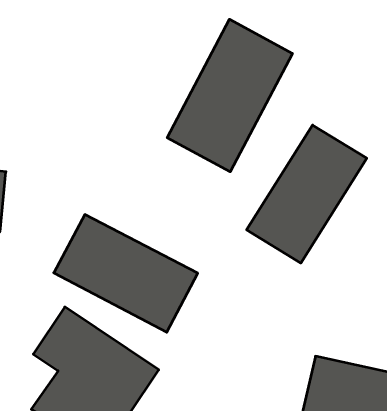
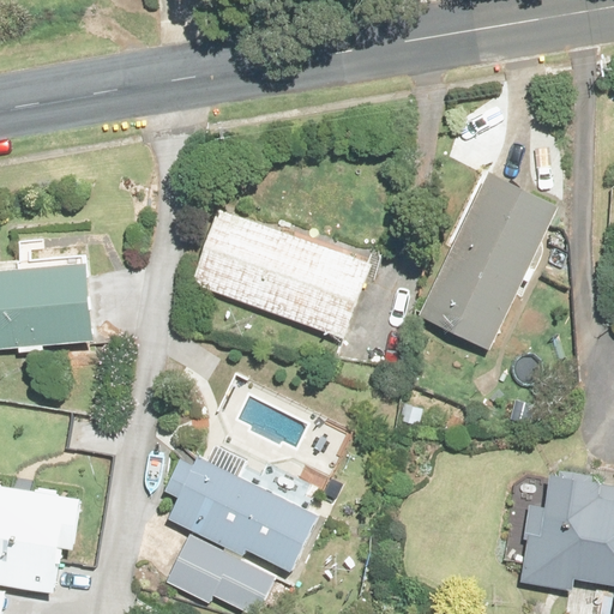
building: [167,19,292,172] -> none
building: [54,215,198,332] -> [174,215,361,355]

